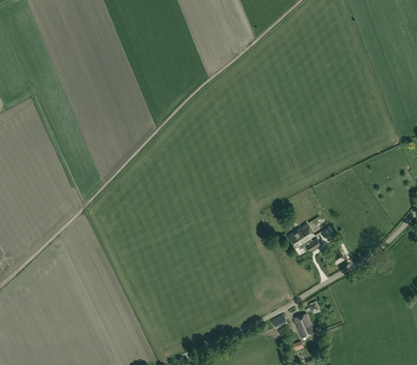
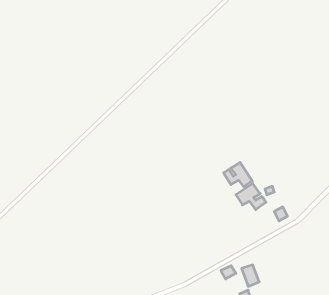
building: none -> [224,162,252,187]

